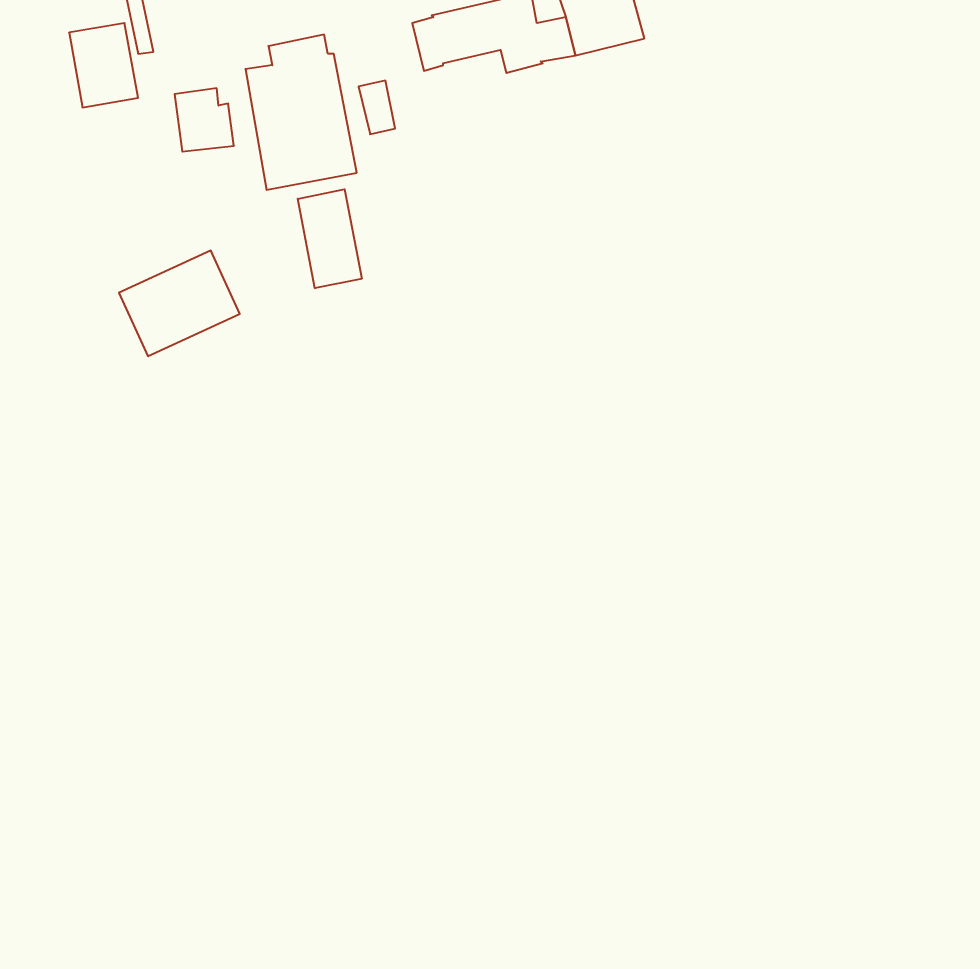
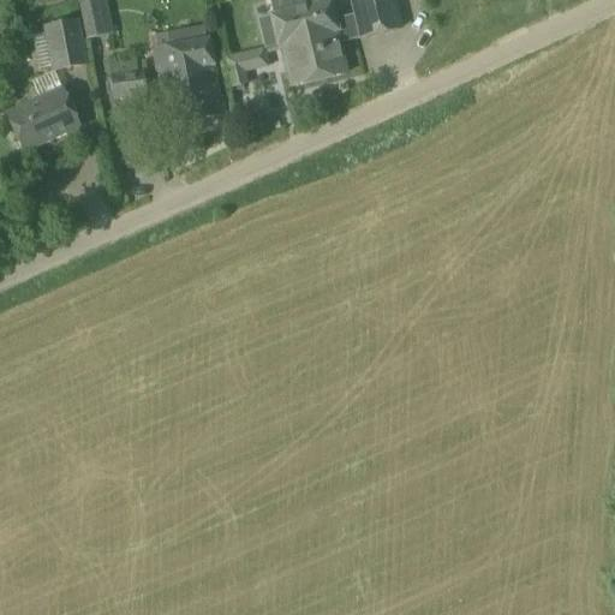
building: none -> [277,31,346,82]
building: [298,189,362,288] -> none
building: [119,251,240,356] -> [6,82,82,148]

